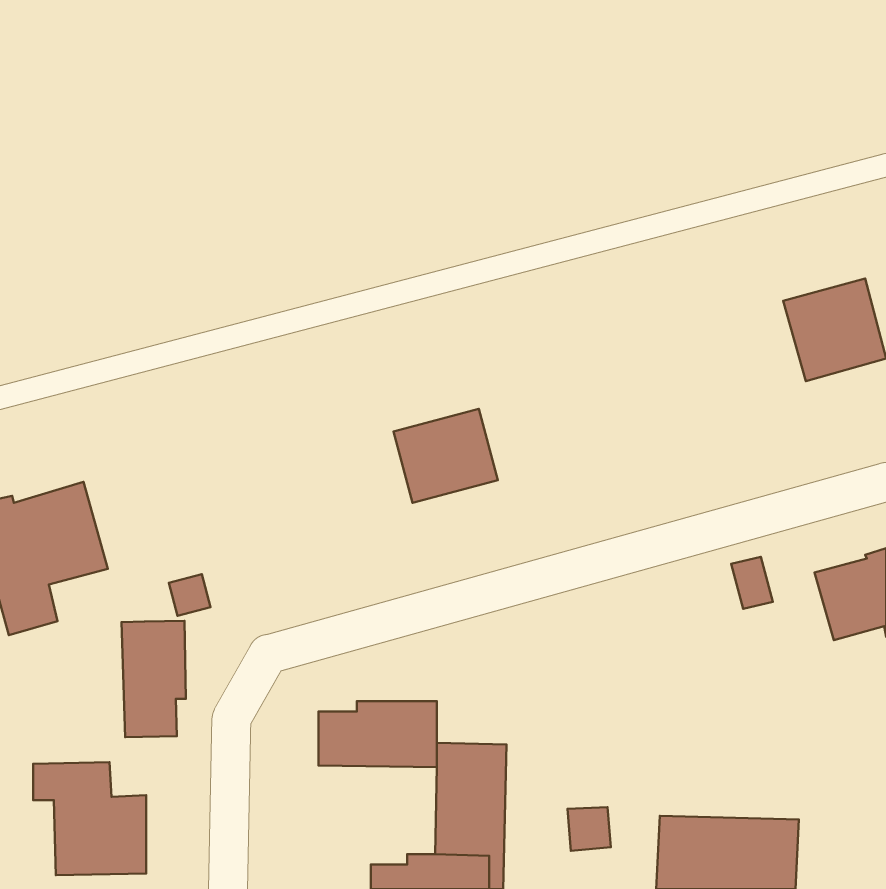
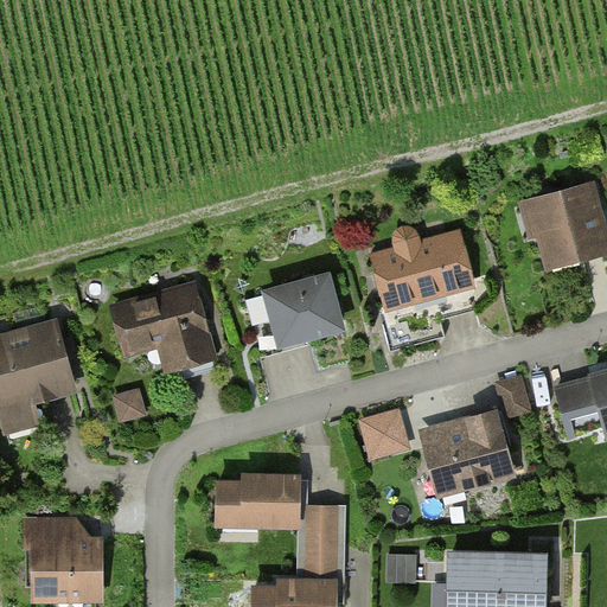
building: none -> [372,229,472,307]
building: none -> [115,288,211,366]
building: none -> [359,402,414,456]
building: none -> [424,413,511,492]
building: [121,621,186,737] -> none

